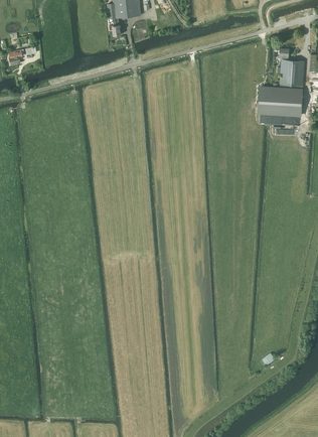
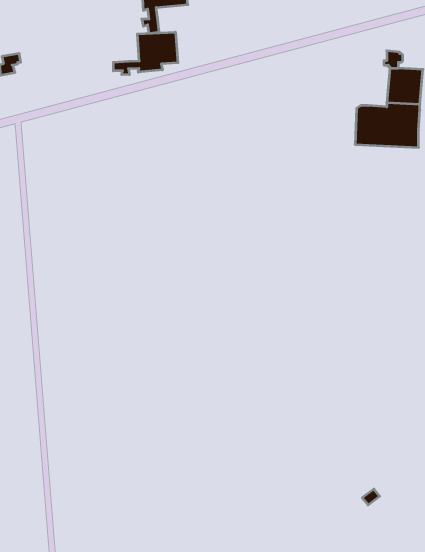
building: none -> [113,32,178,75]

